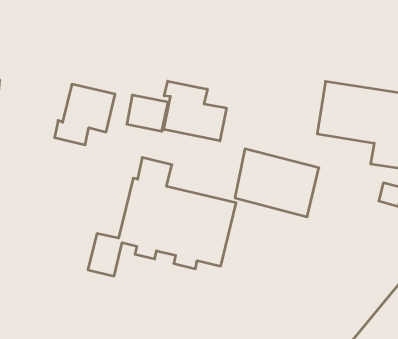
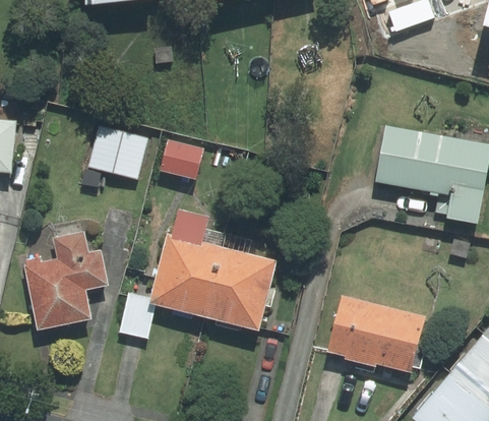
building: [164,81,226,141] -> none
building: [235,149,319,217] -> [328,295,423,371]
building: none -> [21,218,111,328]

